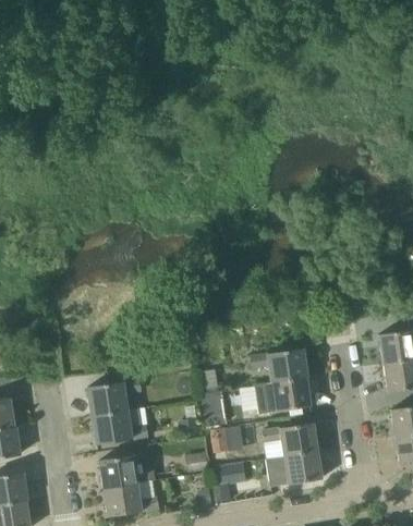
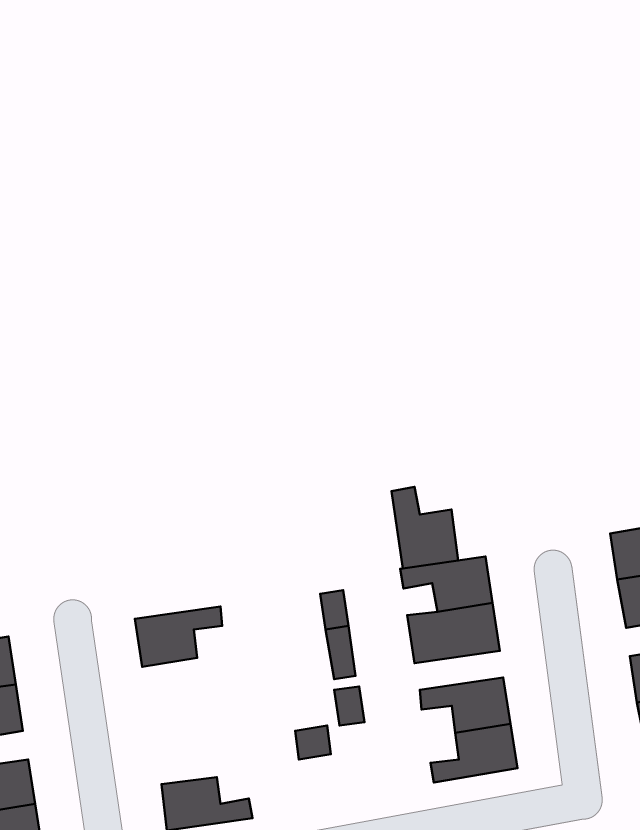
building: none -> [392,487,458,568]
building: [92,411,148,444] -> none
building: [99,452,155,488] -> none
building: [211,463,245,498] -> none

